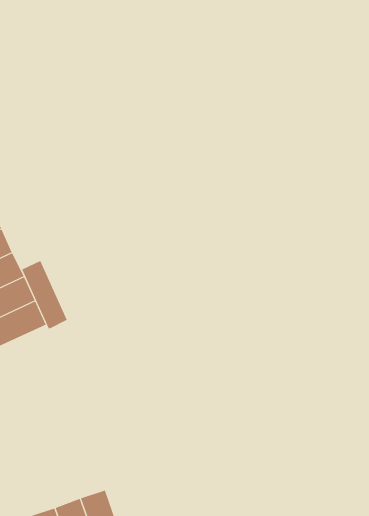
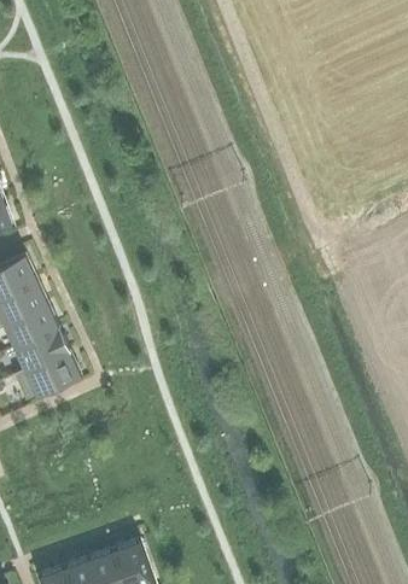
building: [21,260,67,329] -> none

